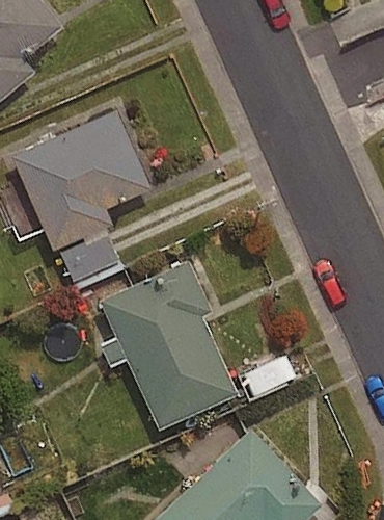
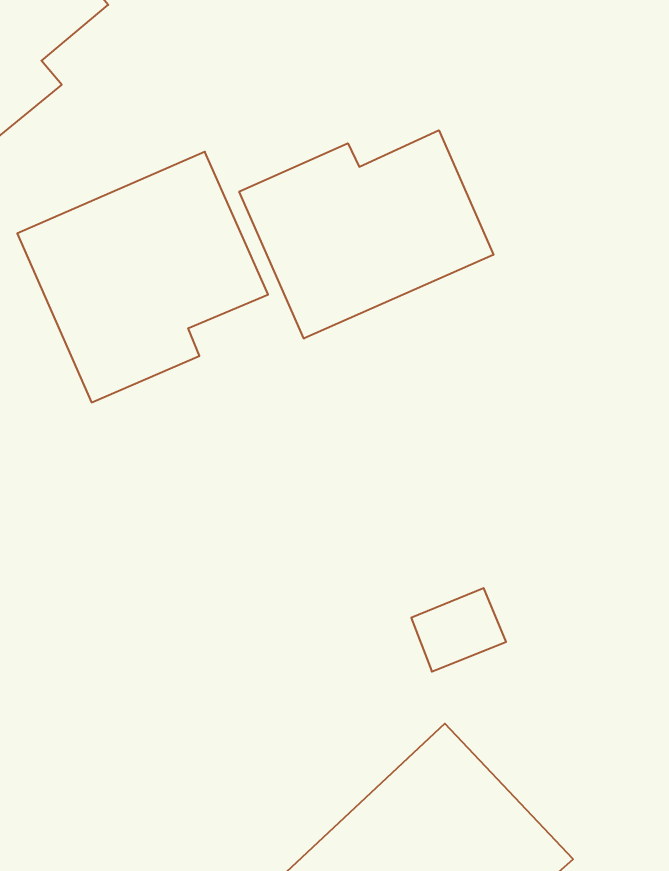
building: none -> [239,130,493,339]
building: [100,261,238,431] -> none

